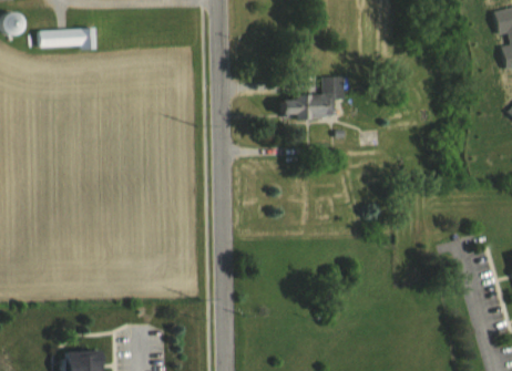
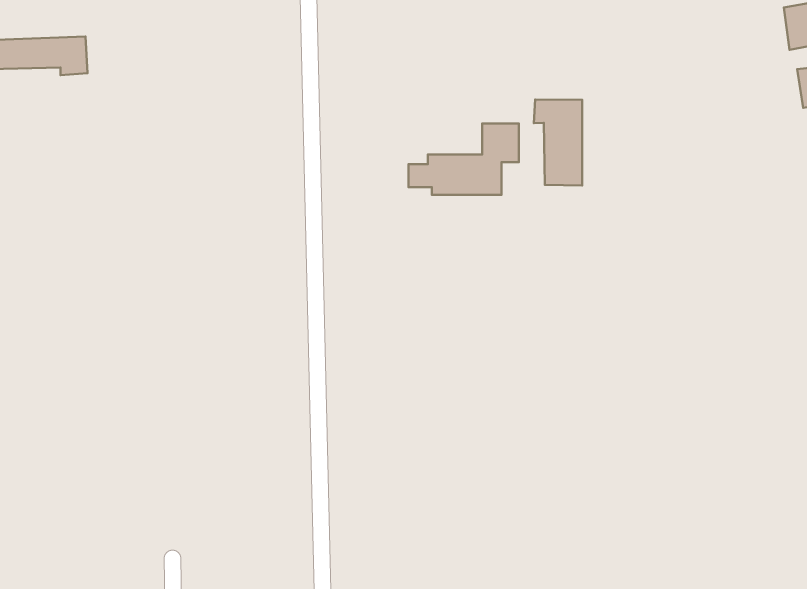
building: none -> [534,99,582,186]

